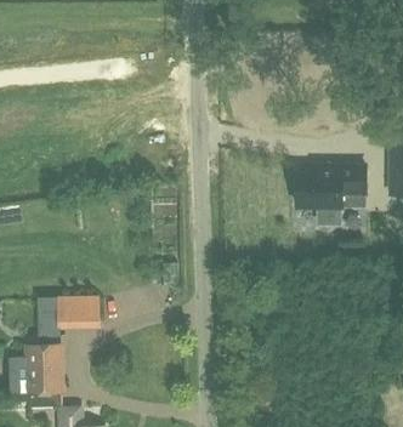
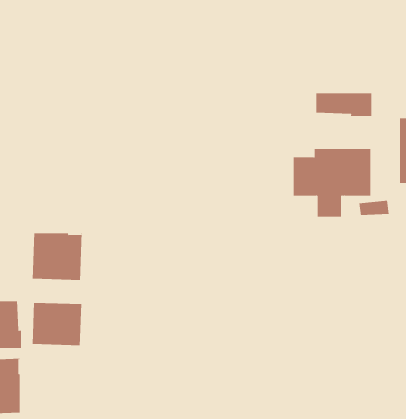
building: none -> [316,93,372,117]
building: none -> [32,233,82,281]

